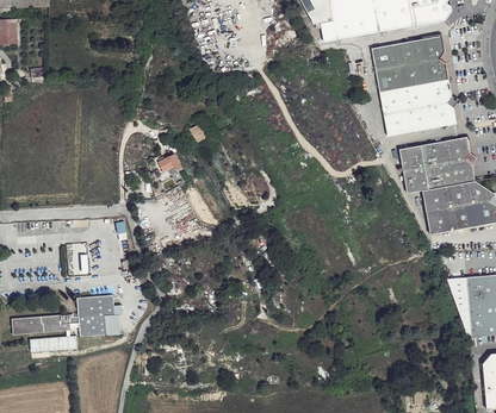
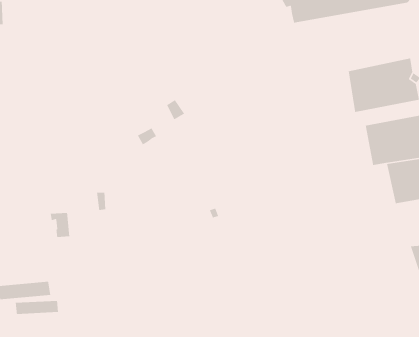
building: [371,36,447,93] -> none
building: [76,294,122,336] -> none

